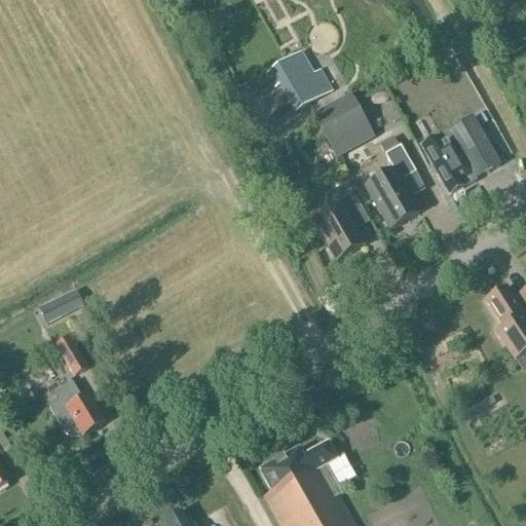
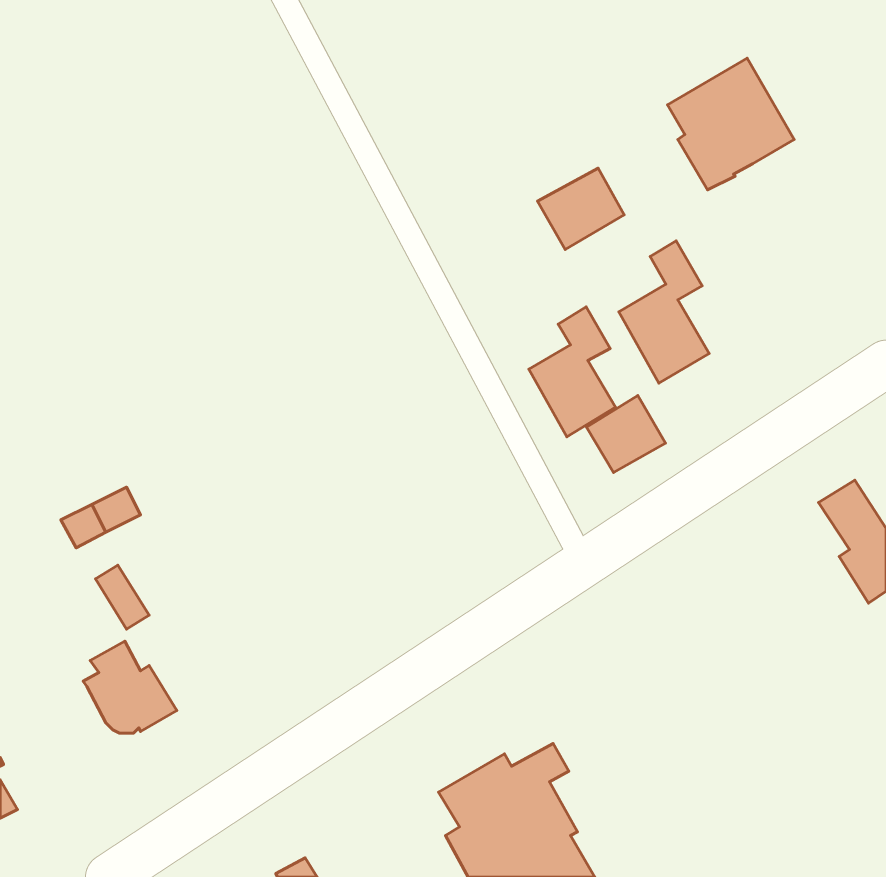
building: [266,50,333,108] -> none
building: [425,114,500,192] -> [668,58,794,190]
building: none -> [586,396,666,473]

